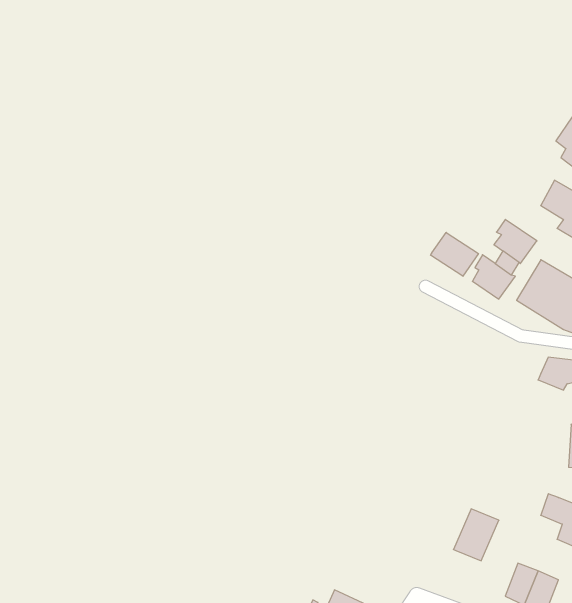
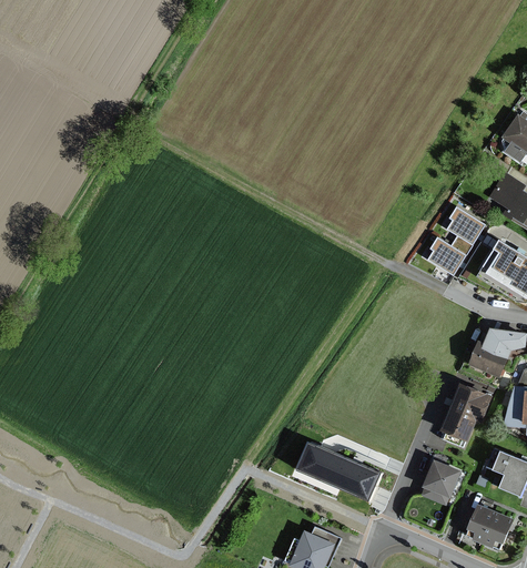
building: [431,232,478,276] -> none
building: none -> [472,336,510,374]
building: none -> [446,382,495,436]
building: none -> [288,442,374,501]

